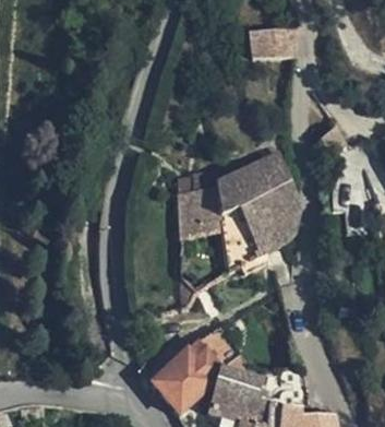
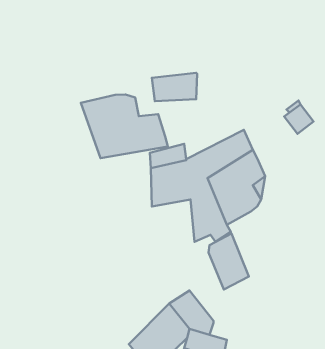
building: [249,26,298,57] -> [152,73,197,101]
building: none -> [81,94,168,158]
building: none -> [208,233,249,290]

